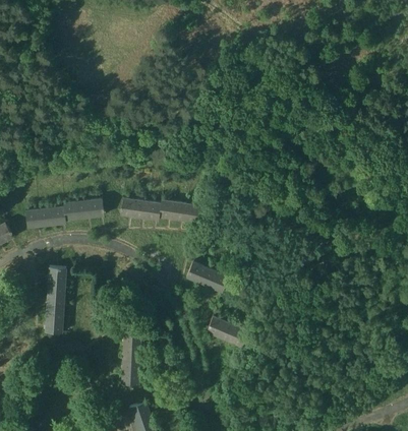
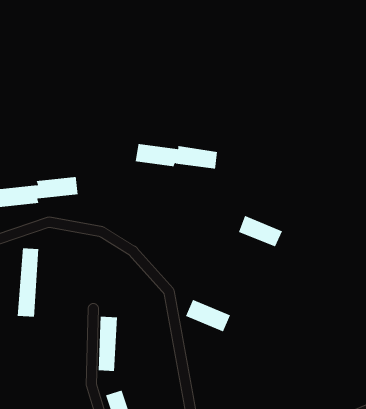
building: [120,198,199,223] -> [135,143,218,169]
building: [186,262,229,293] -> [238,215,283,247]

